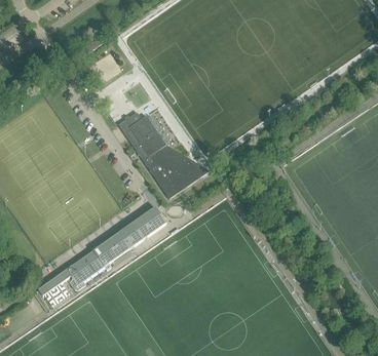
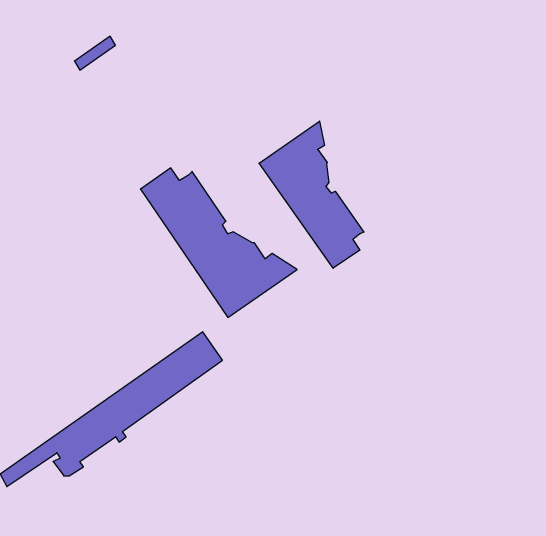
building: none -> [259,121,364,268]

